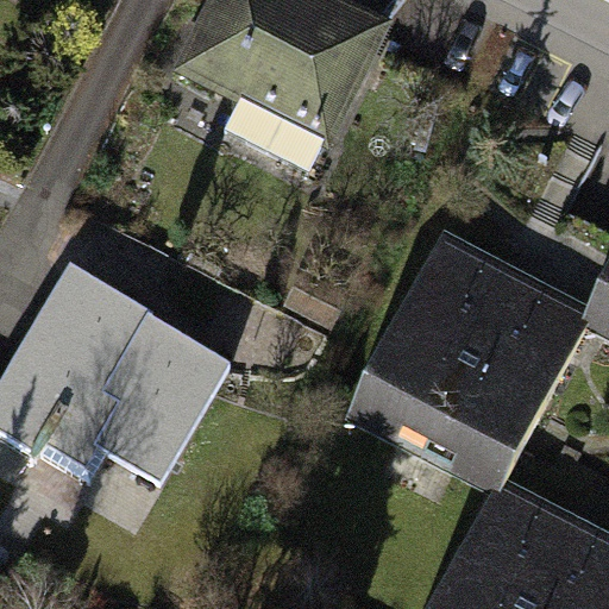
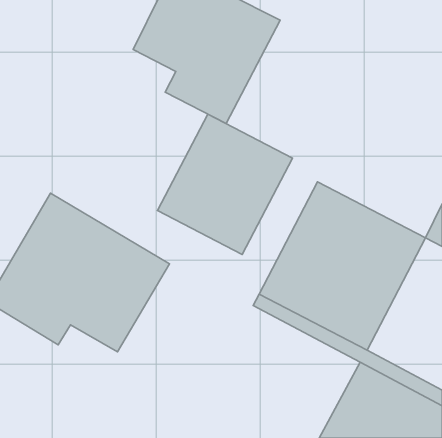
building: none -> [158,114,292,255]

